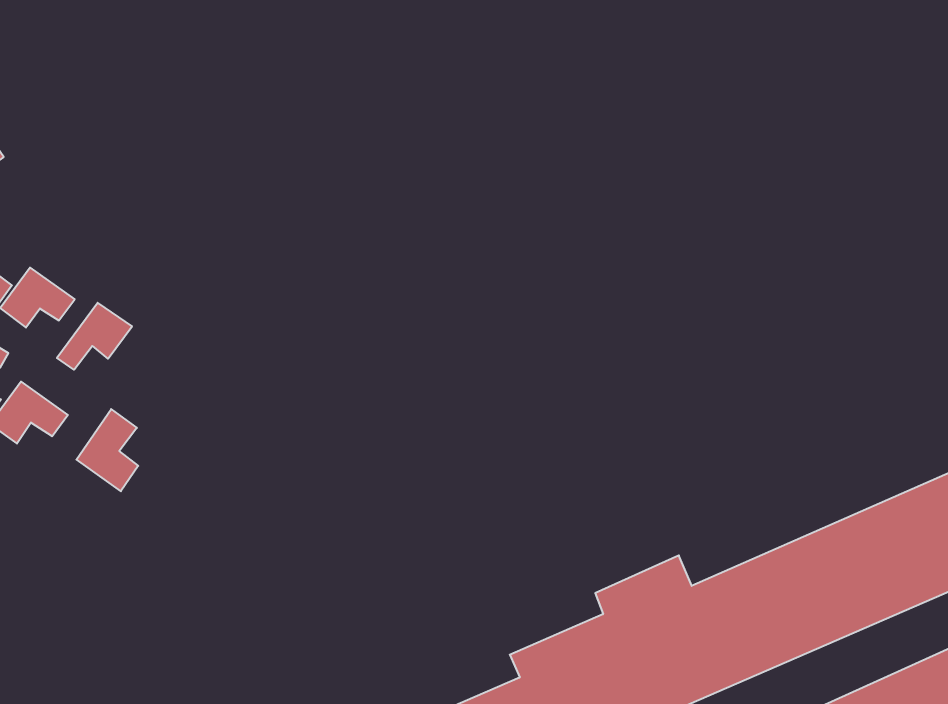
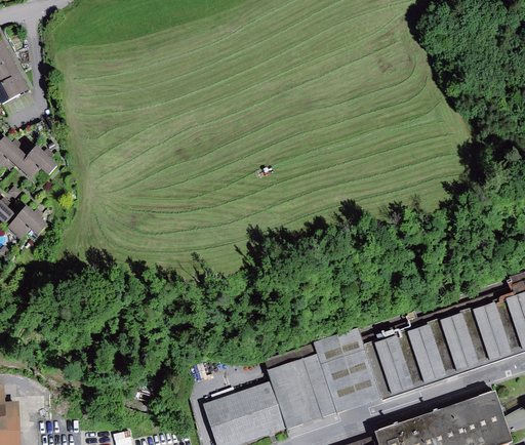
building: [57,303,132,370] -> none
building: [76,409,138,491] -> none

